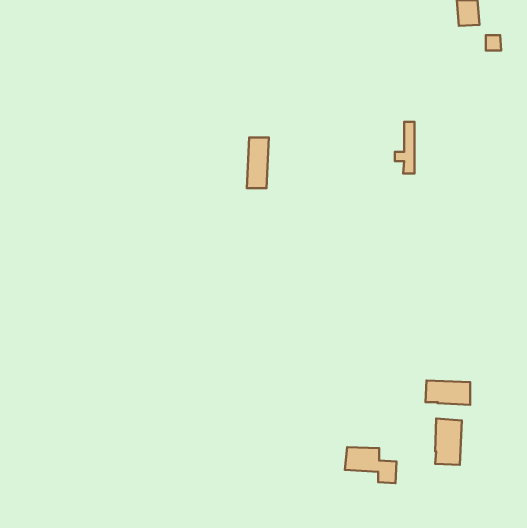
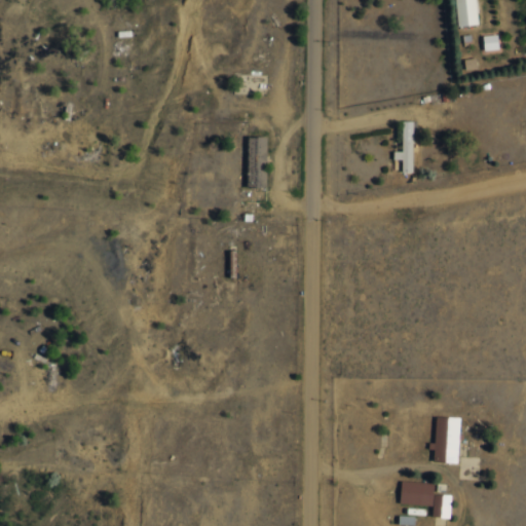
building: [425,380,470,405] -> none
building: [345,447,397,483] -> [400,481,451,517]

